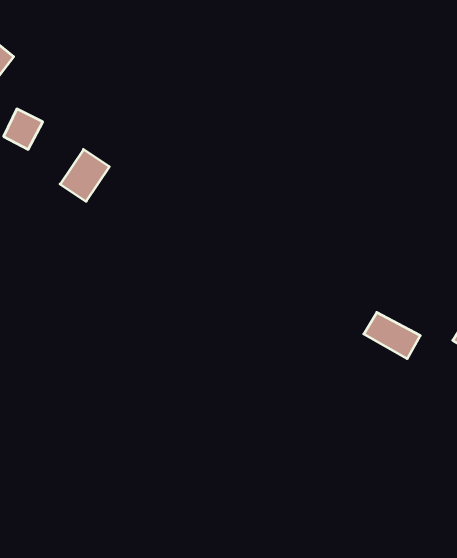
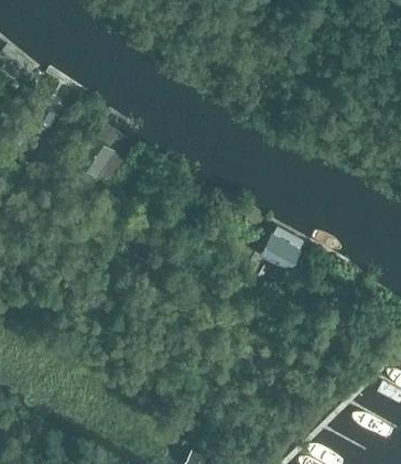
building: [364,312,420,359] -> [262,233,305,268]

